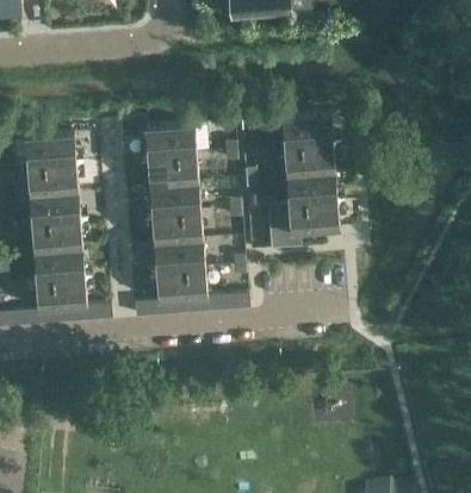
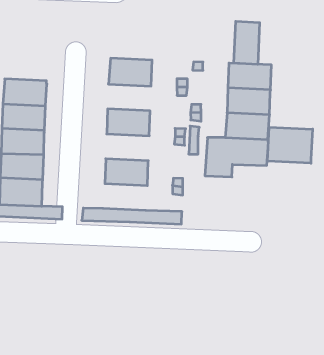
building: none -> [234,21,260,64]
building: [24,132,74,164] -> none
building: [145,152,197,185] -> none
building: none -> [267,127,313,163]
building: [150,210,202,242] -> none
building: [155,267,205,299] -> none

